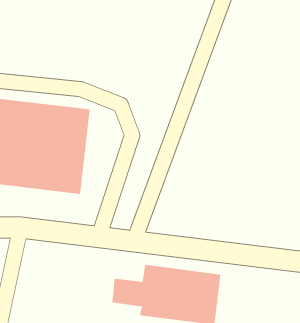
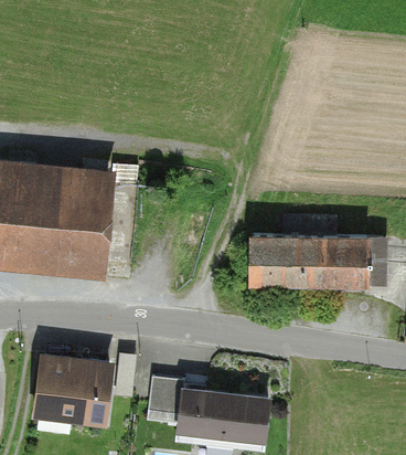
building: none -> [253,237,374,288]
building: none -> [33,352,118,427]

